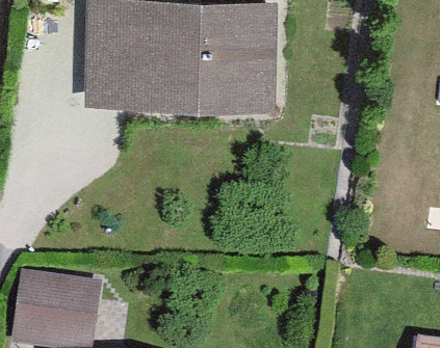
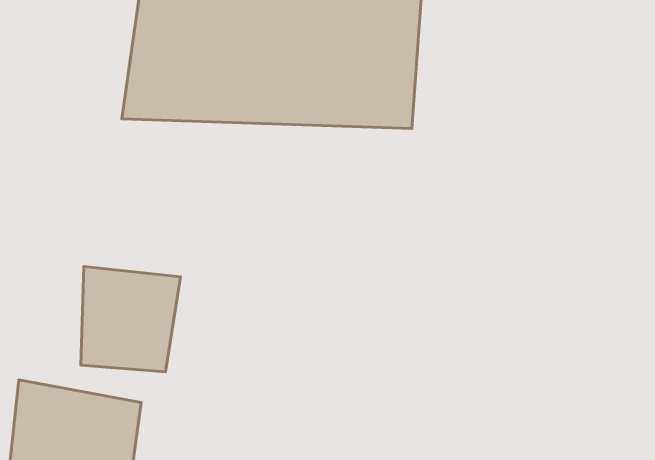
building: none -> [81,267,181,372]

